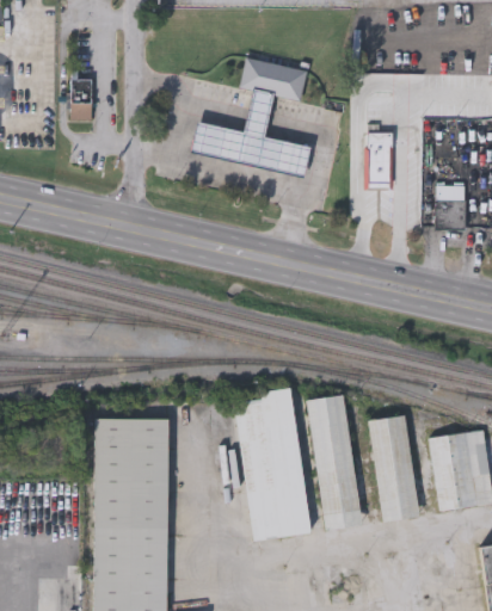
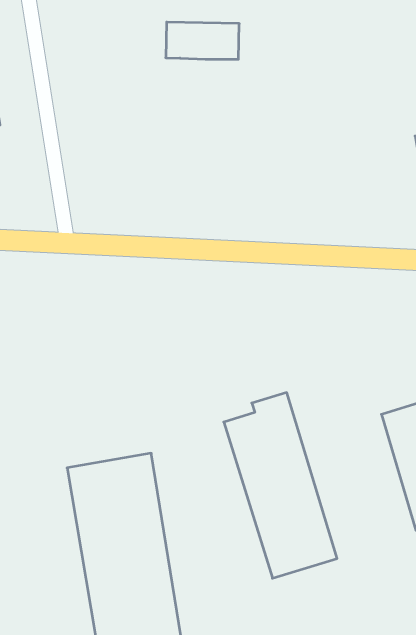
building: [190,90,309,175] -> none
building: [367,135,393,191] -> none
building: [307,394,361,529] -> none

